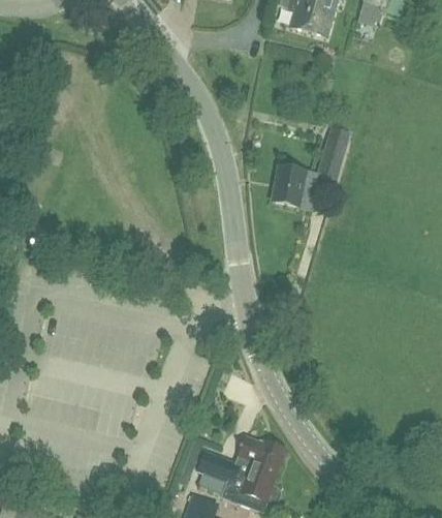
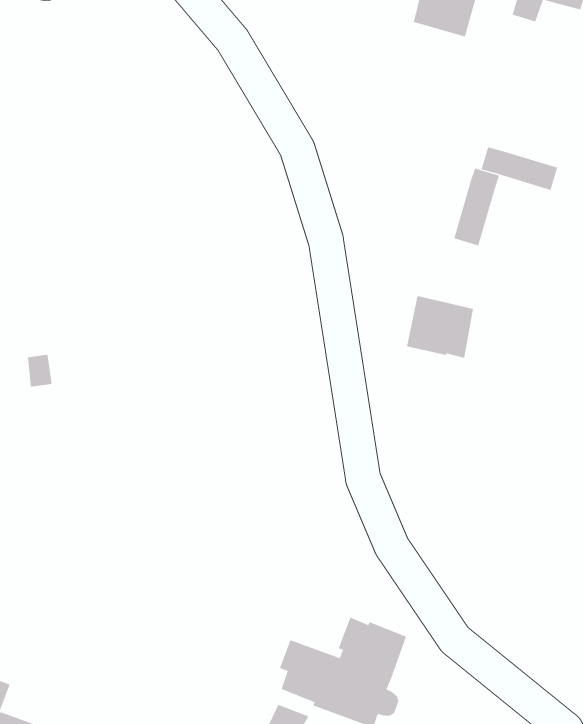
building: none -> [481,146,558,191]
building: [271,164,317,208] -> [406,295,474,358]

